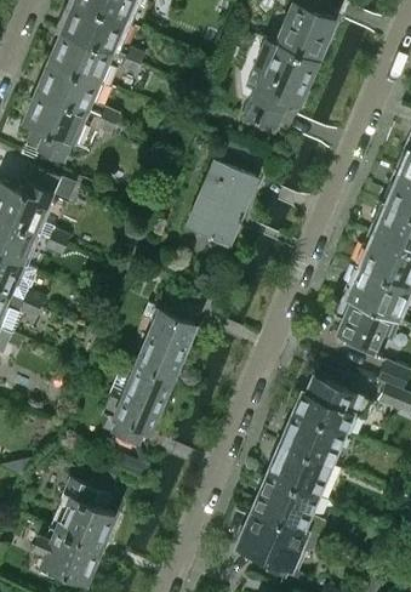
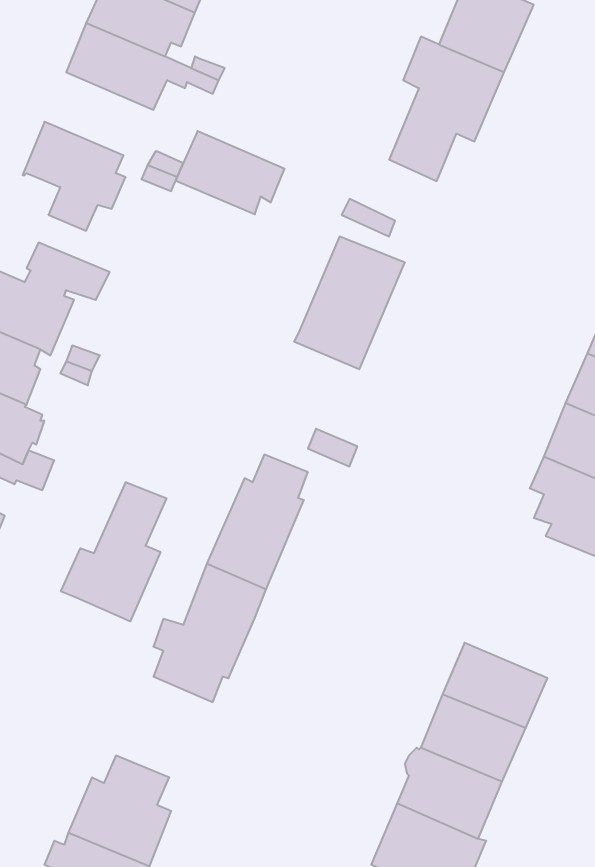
building: [36,63,103,114] -> [176,131,285,214]
building: none -> [61,482,166,621]
building: [292,378,367,434] -> none

